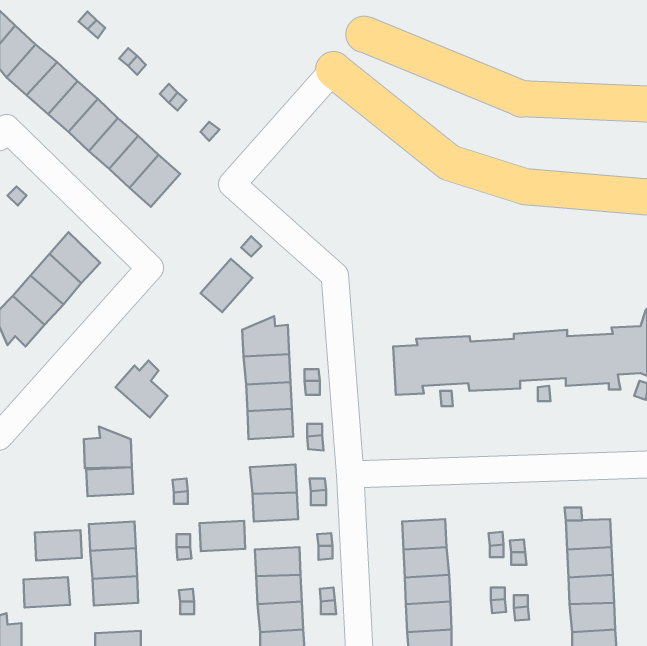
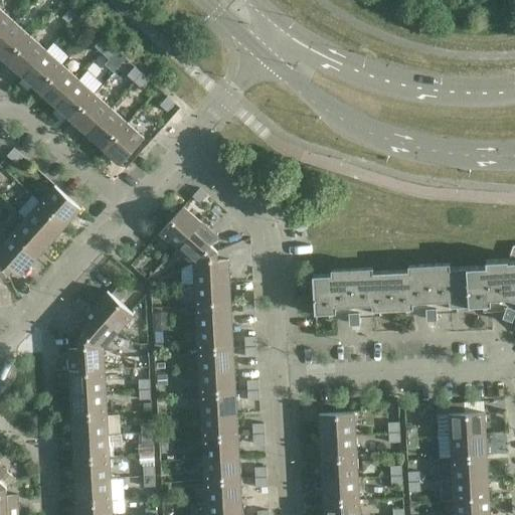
building: none -> [176,222,218,264]
building: none -> [75,309,119,350]
building: none -> [197,348,234,372]
building: [200,521,245,551] -> [201,413,237,438]
building: [35,530,82,561] -> [69,393,107,417]
building: [23,577,70,608] -> [74,480,112,504]

